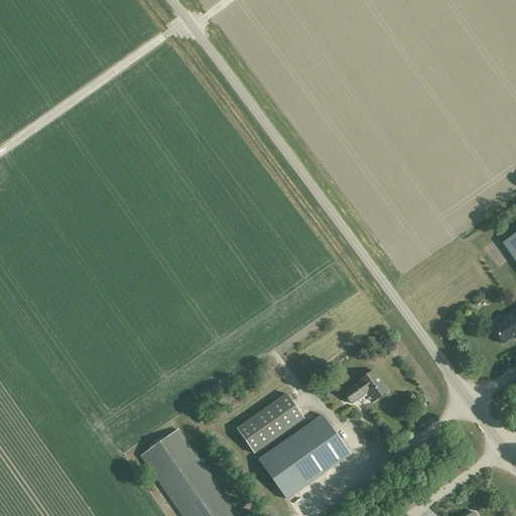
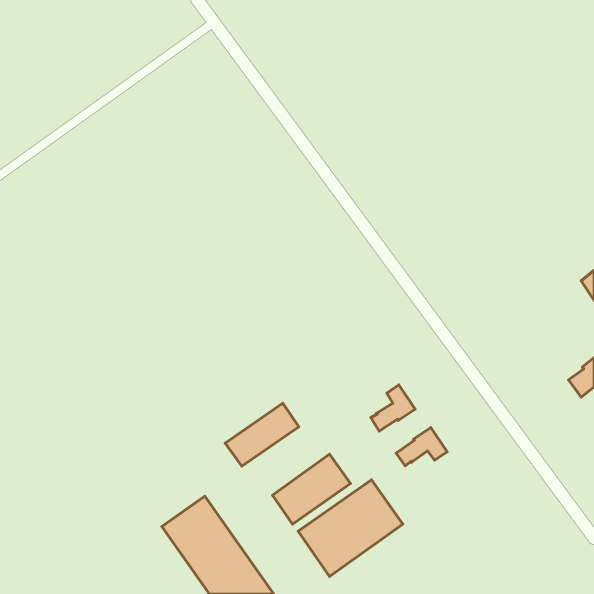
building: none -> [371,385,415,431]
building: none -> [225,403,299,466]

